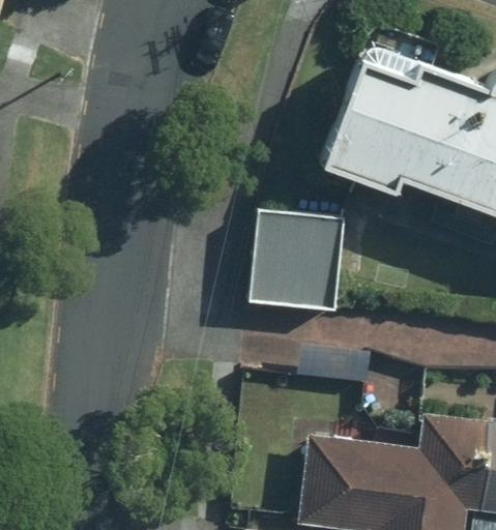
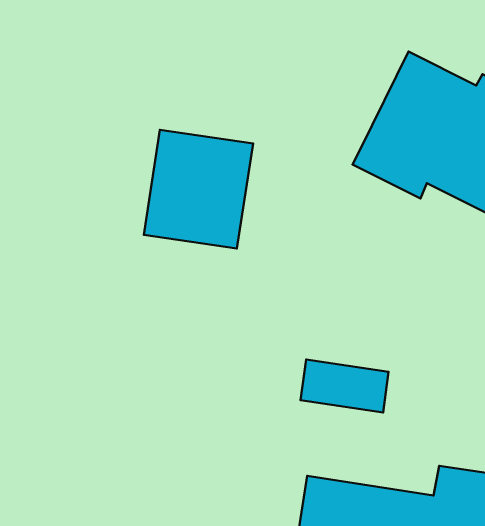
building: [256,211,341,305] -> [144,130,253,249]

